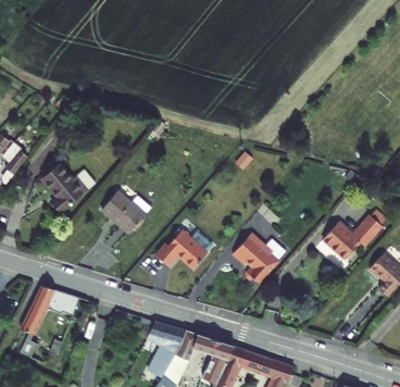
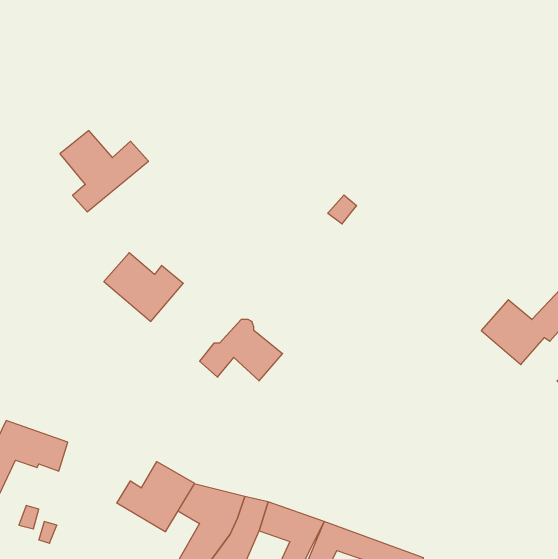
building: [43,162,97,211] -> [60,131,148,212]
building: [230,230,285,279] -> none
building: none -> [117,462,194,532]

